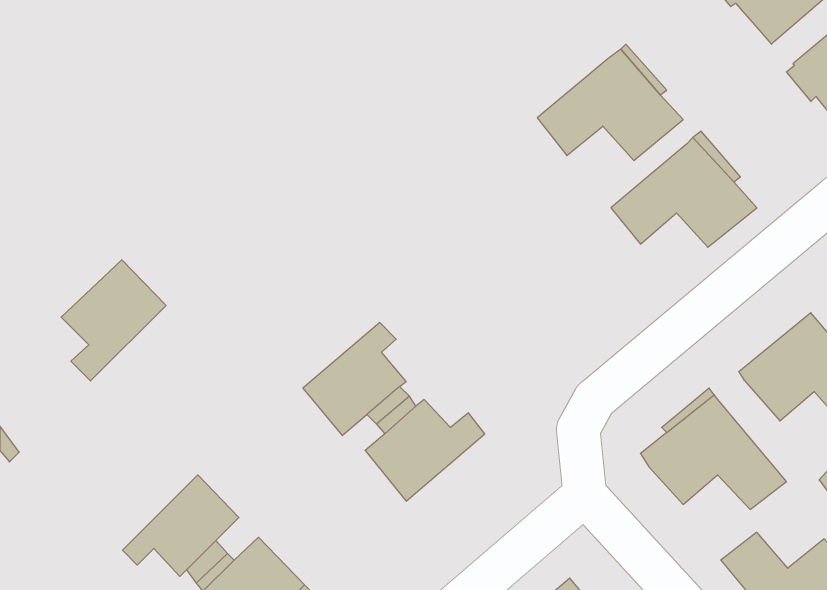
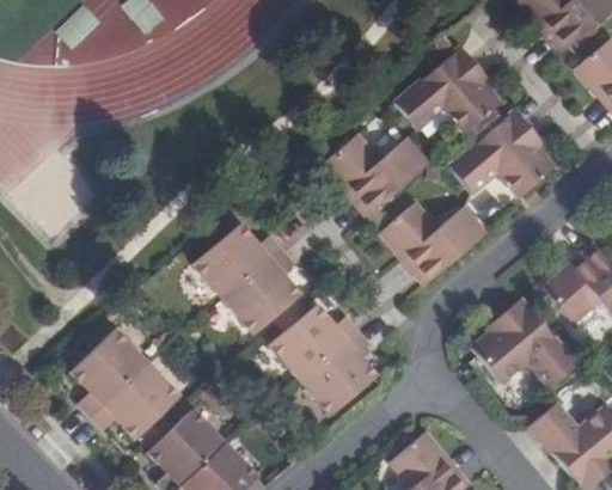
building: none -> [323,134,429,214]
building: none -> [381,202,486,281]
building: [61,260,166,381] -> [72,329,148,417]
building: none -> [194,225,281,299]
building: none -> [300,332,373,414]

